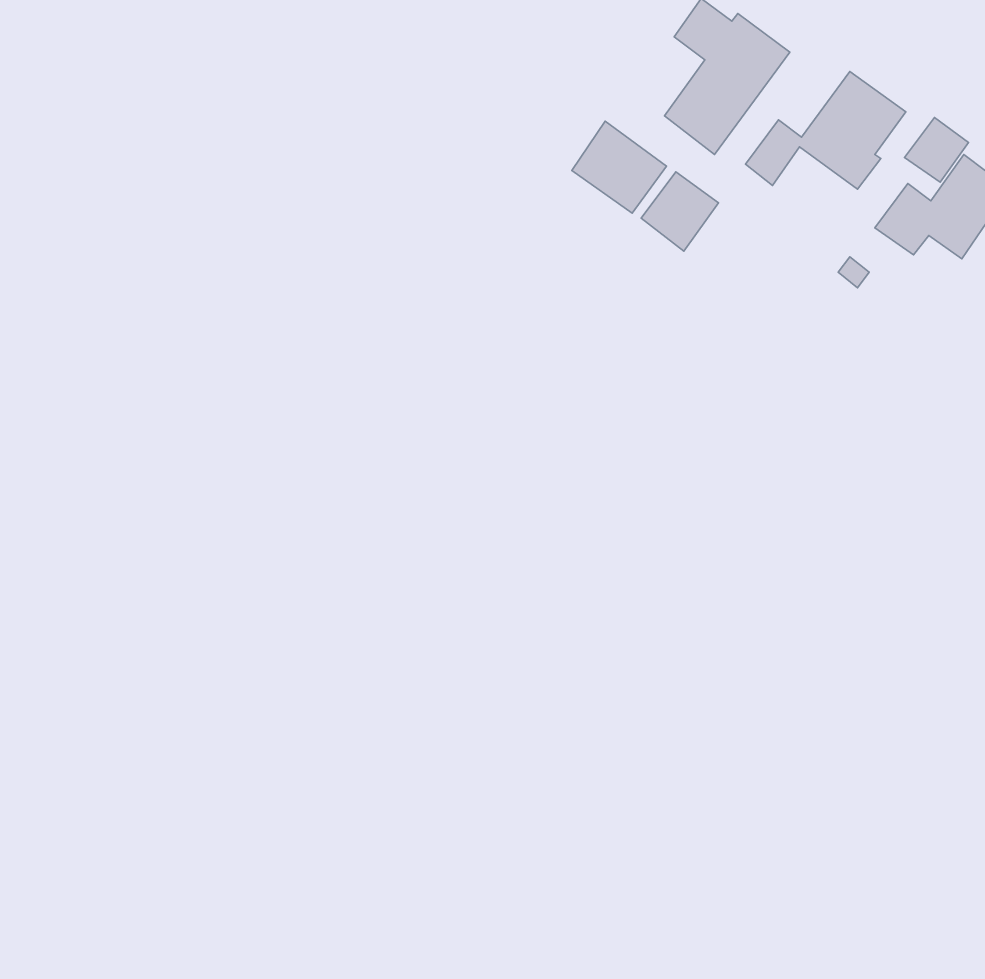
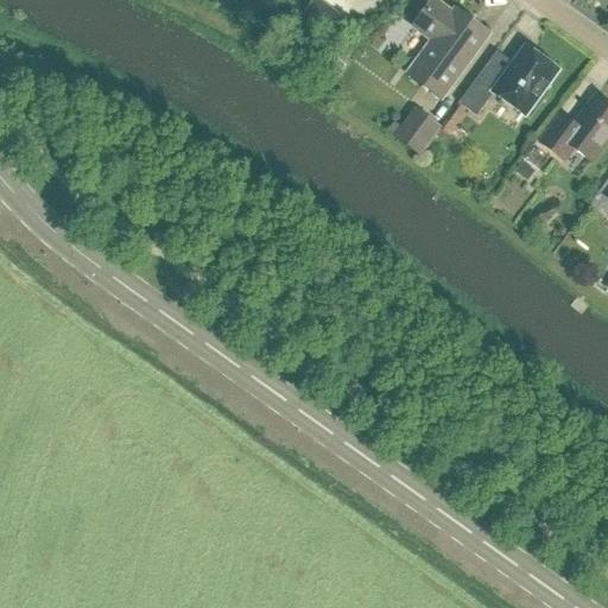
building: [904,117,968,182] -> none
building: [572,121,666,213] -> none

